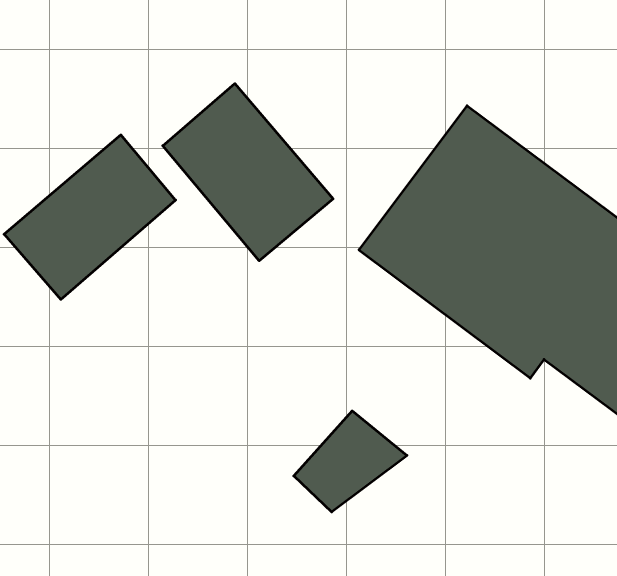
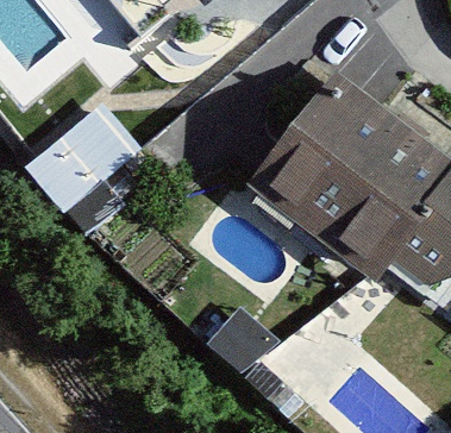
building: [163,84,333,261] -> none

